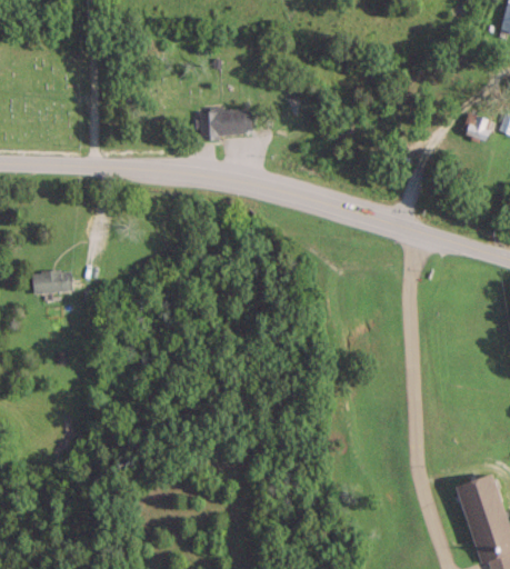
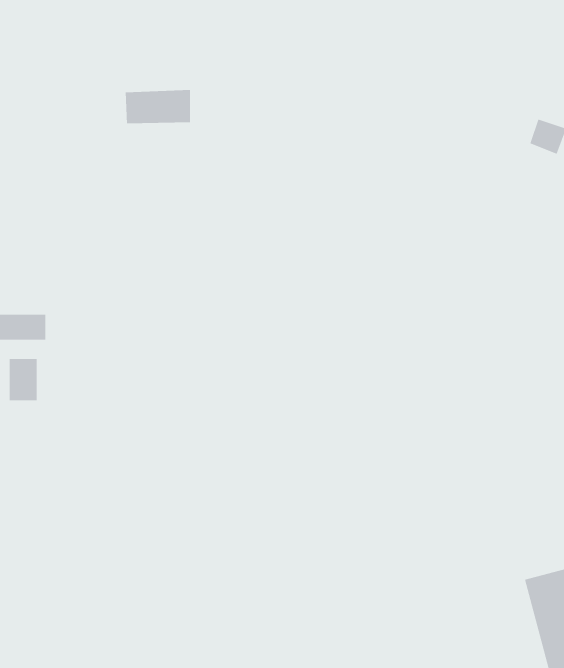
building: [199,109,252,137] -> [125,90,191,124]
building: none -> [9,358,37,401]

